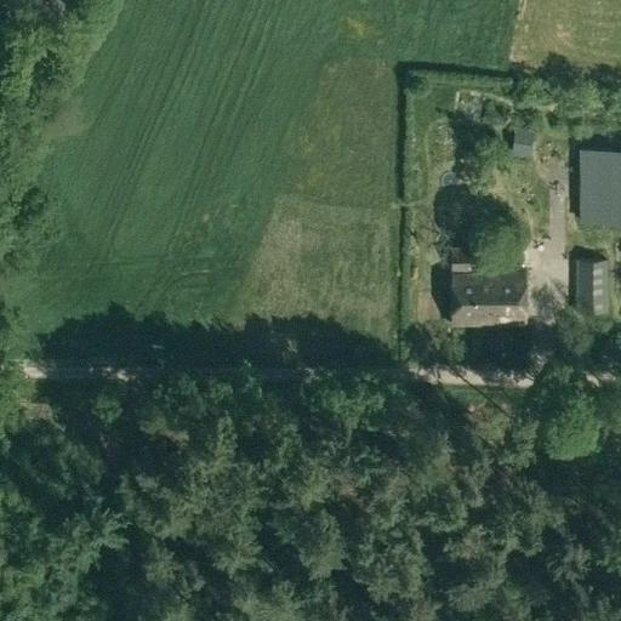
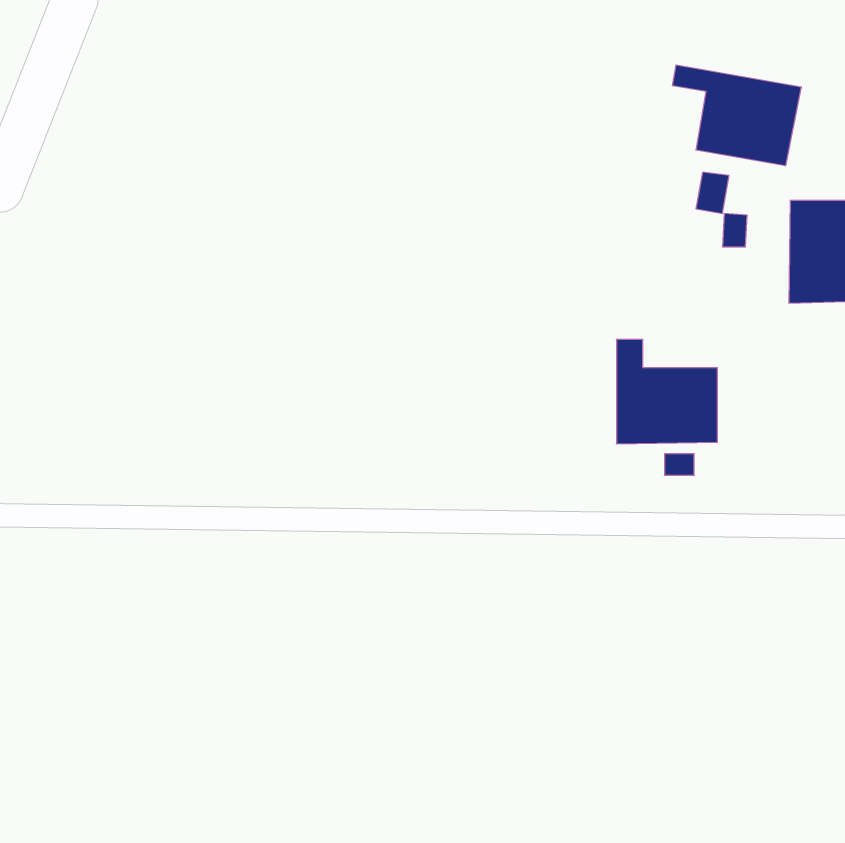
building: none -> [672,65,801,166]
building: [576,262,609,314] -> none

